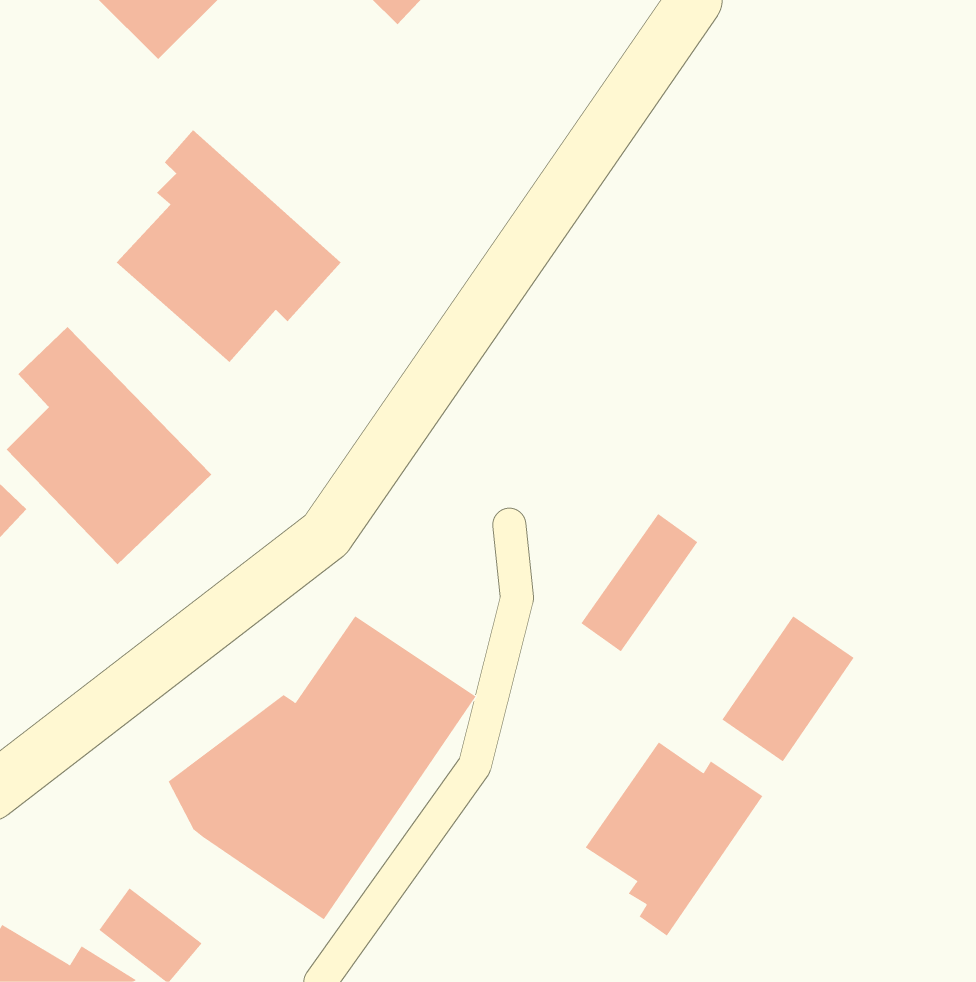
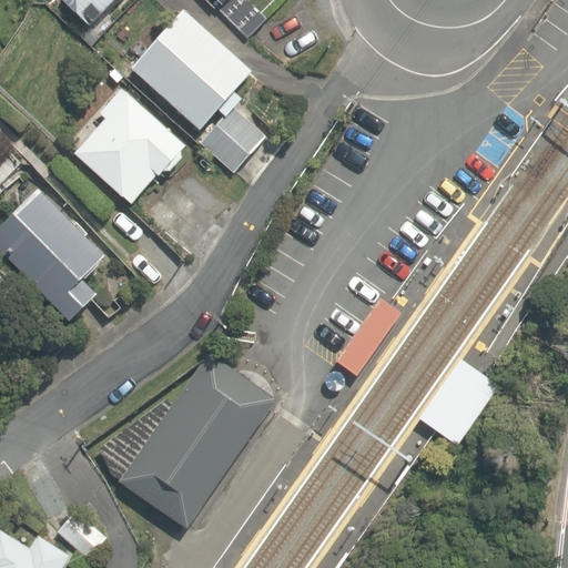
building: none -> [126,8,268,172]
building: [585,741,763,936] -> none

